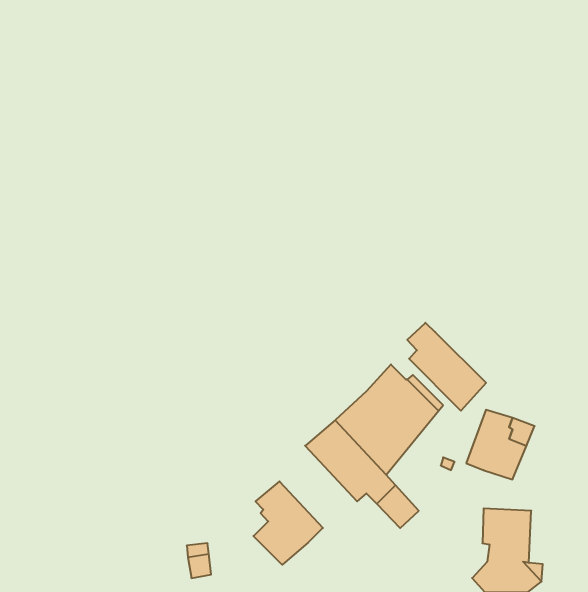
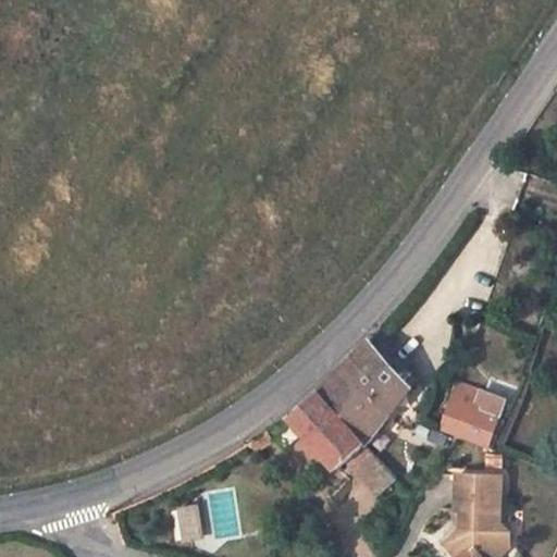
building: [407,323,486,411] -> none
building: [253,481,323,565] -> none

